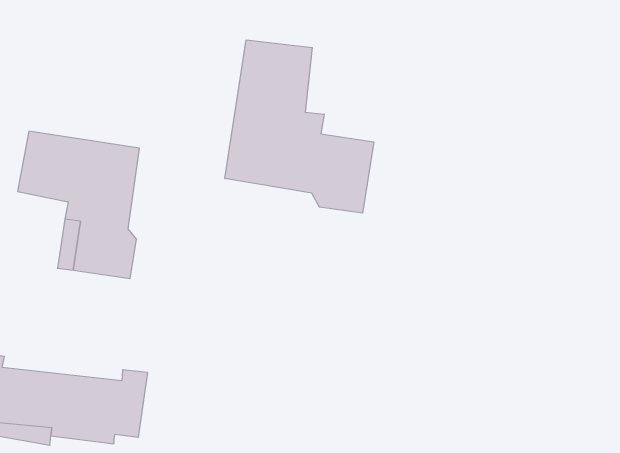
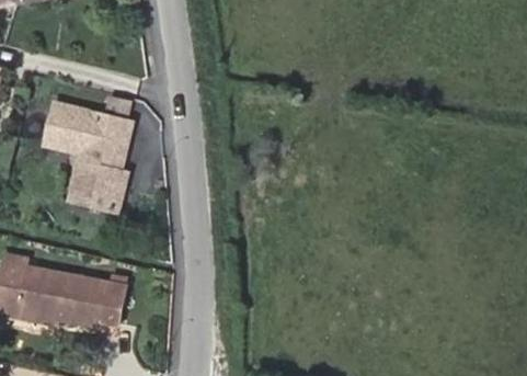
building: [225,40,374,213] -> none

